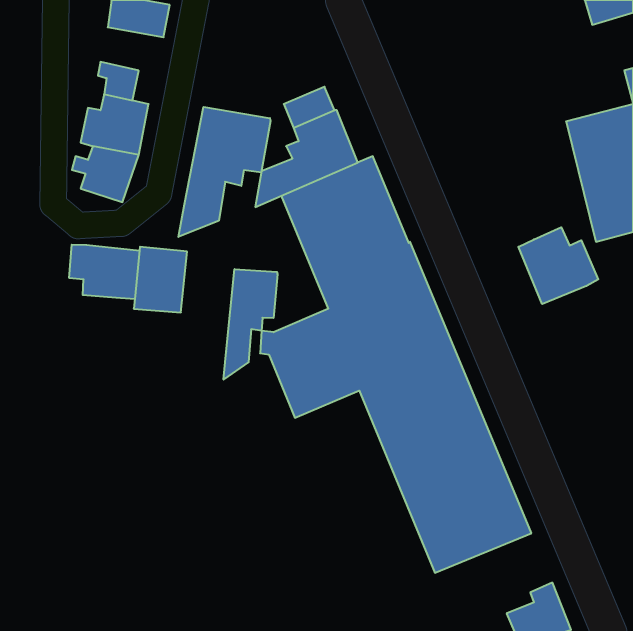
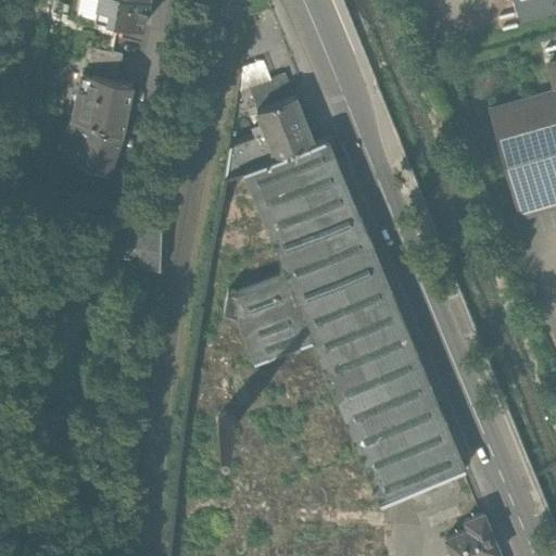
building: [178,107,271,237] -> none
building: [518,227,598,304] -> none
building: [69,245,140,299] -> none
building: [224,269,277,380] -> none

